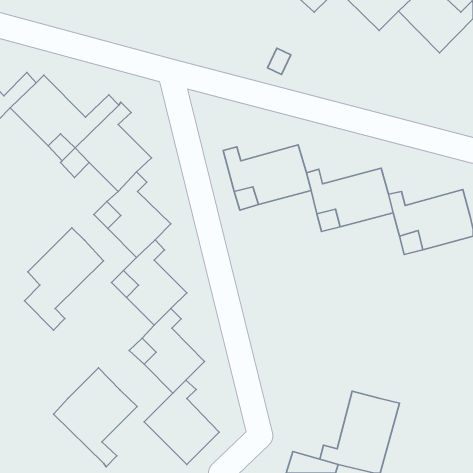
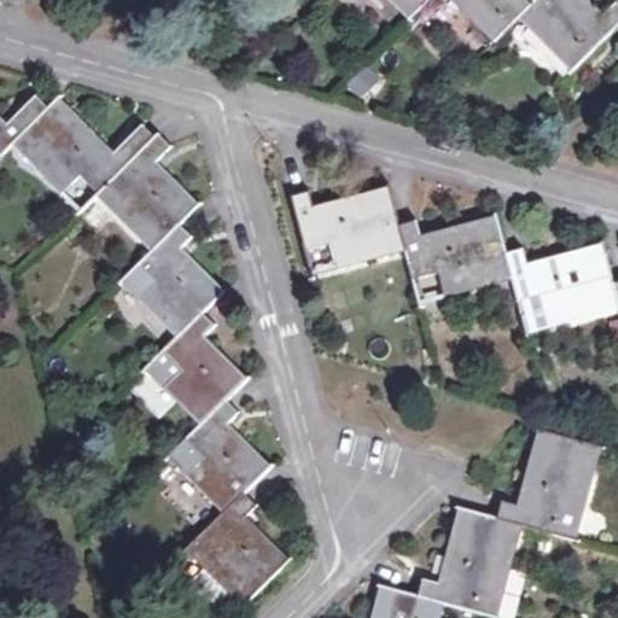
building: [25,228,104,330] -> none
building: none -> [494,428,599,538]
building: [53,368,137,467] -> none

